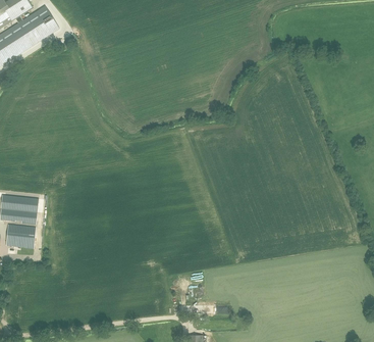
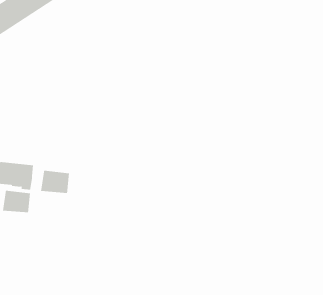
building: none -> [40,170,69,194]

